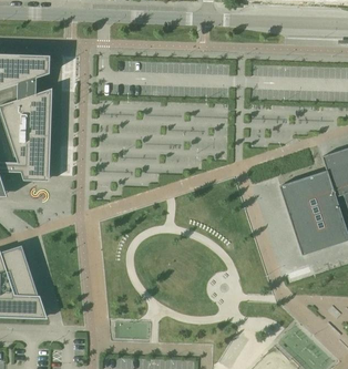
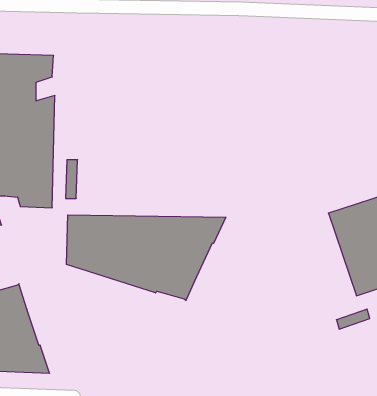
building: none -> [67,215,226,301]

